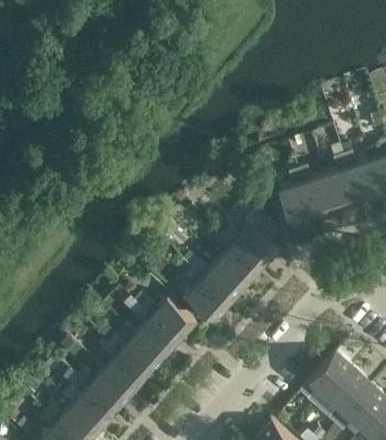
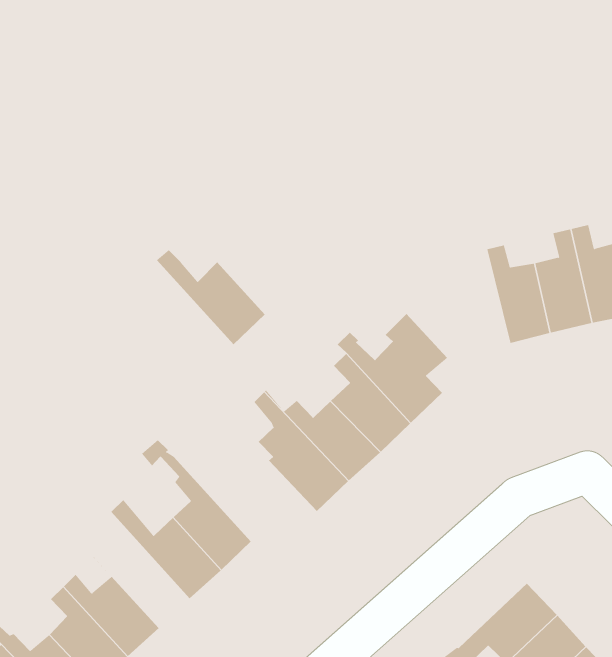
building: [277,169,313,228] -> none
building: [132,293,195,343] -> [156,249,266,345]
building: [92,333,147,395] -> none

